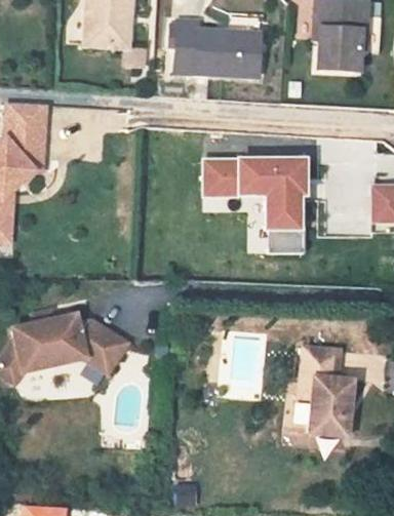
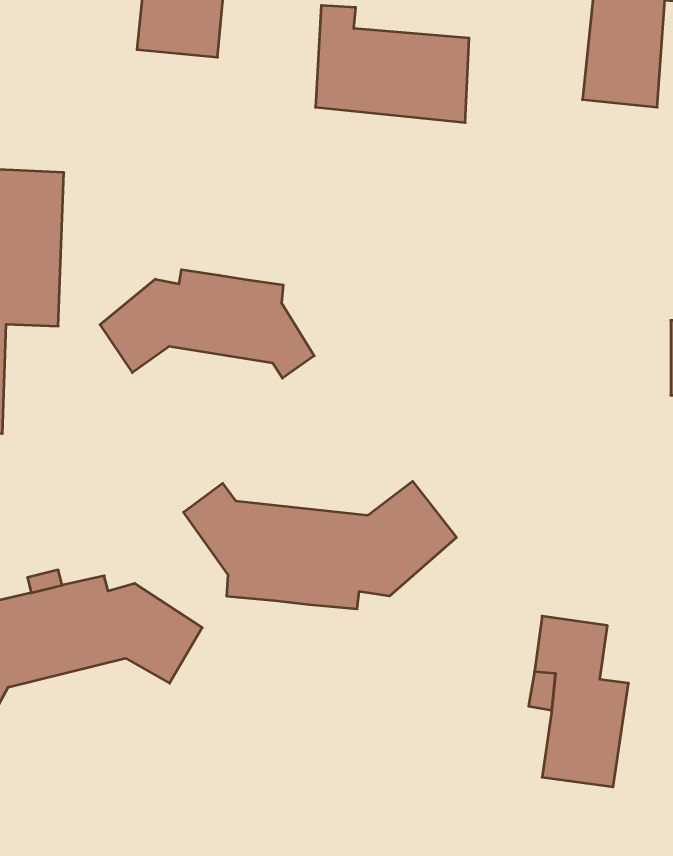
building: none -> [100,270,314,378]
building: [202,158,303,250] -> none
building: none -> [184,481,456,609]

